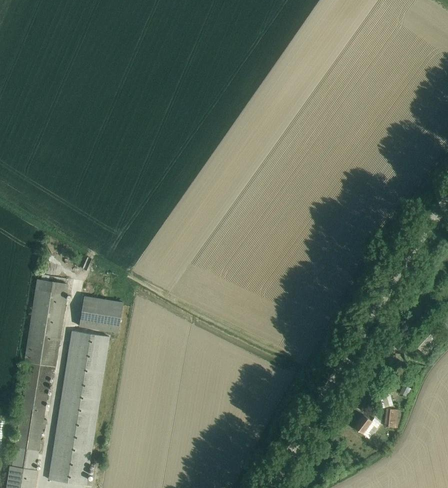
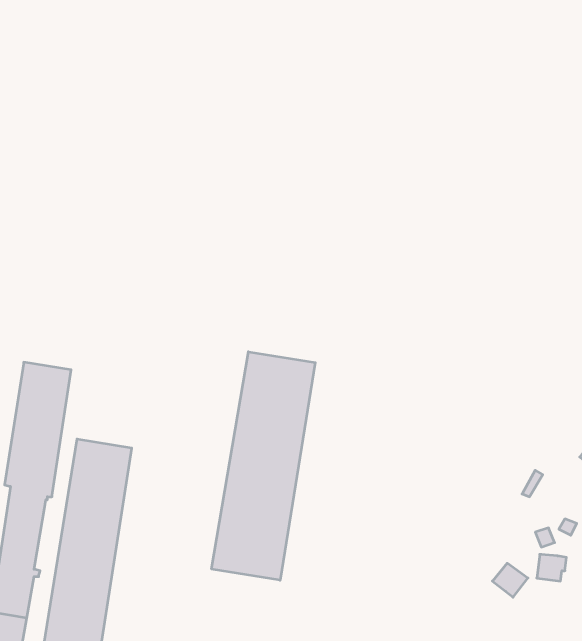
building: none -> [212,352,315,580]
building: [79,295,123,332] -> none

